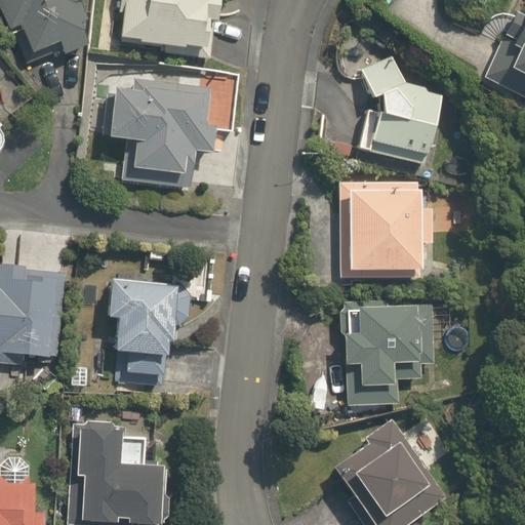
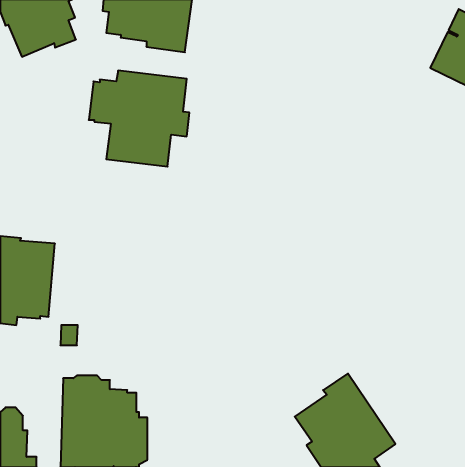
building: [360,54,440,165] -> none
building: [340,181,433,277] -> none
building: [111,276,191,385] -> none
building: [340,300,435,405] -> none

